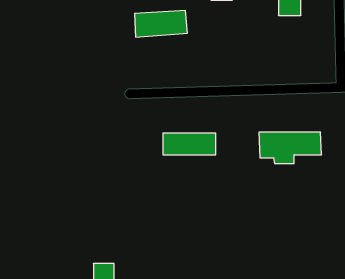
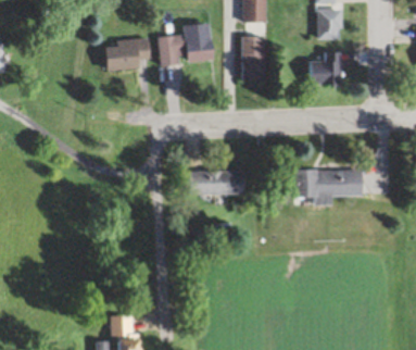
building: none -> [242,37,269,80]
building: none -> [108,39,148,70]
building: none -> [308,51,343,87]

